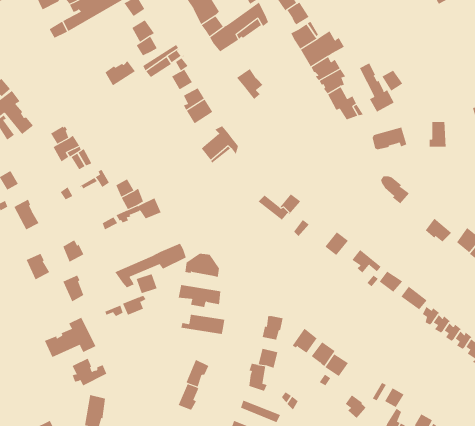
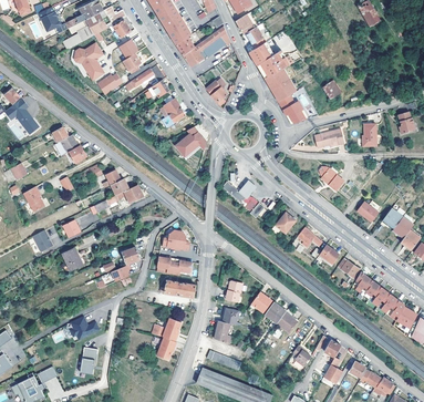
building: none -> [73,43,103,80]
building: [359,63,395,113] -> none
building: [115,243,187,288] -> none
building: [44,317,96,358] -> none

